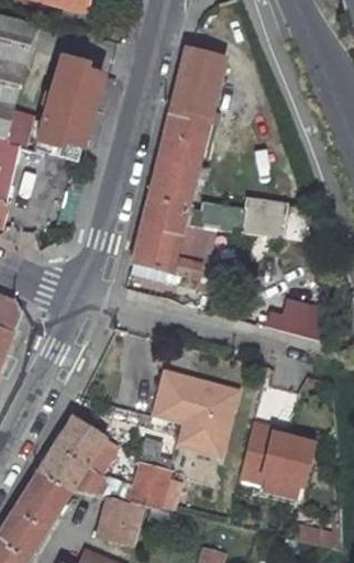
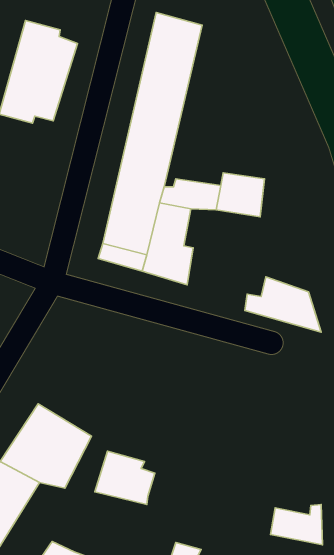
building: [151,366,241,460] -> none
building: [239,423,316,499] -> none
building: [92,497,143,548] -> none

